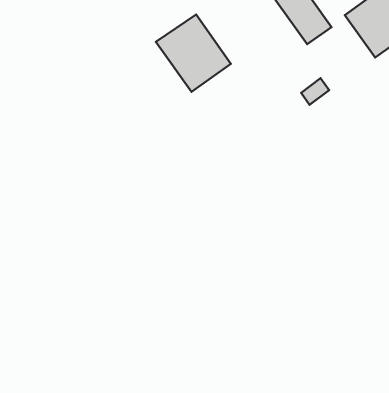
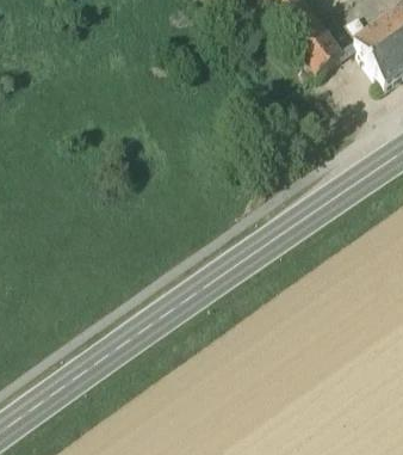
building: [156,14,231,92] -> none

